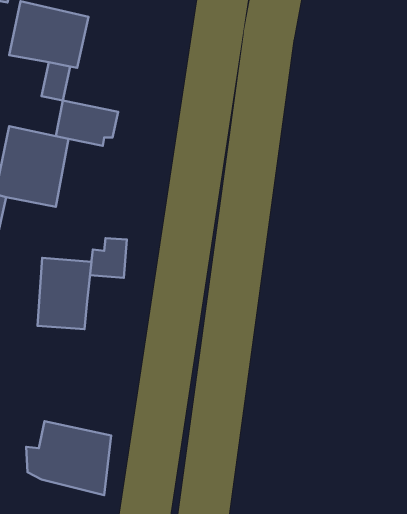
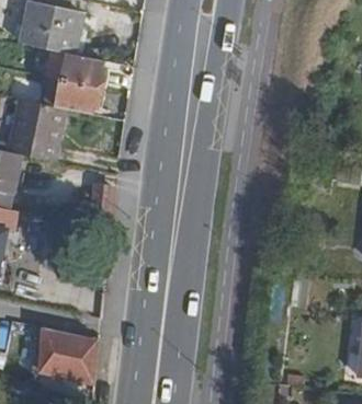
building: none -> [64,53,110,88]
building: [38,258,91,329] -> none

